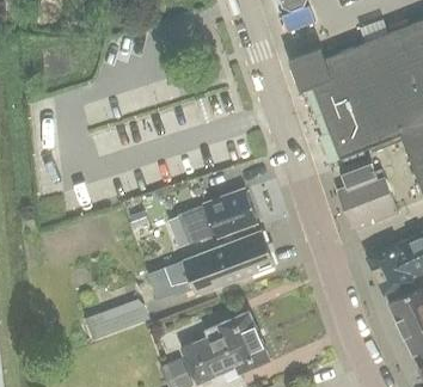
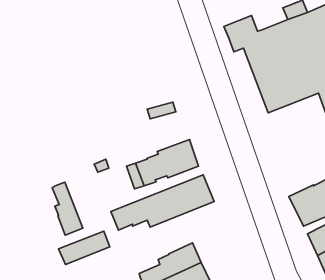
building: [337,158,397,226] -> none
building: none -> [52,182,83,235]

